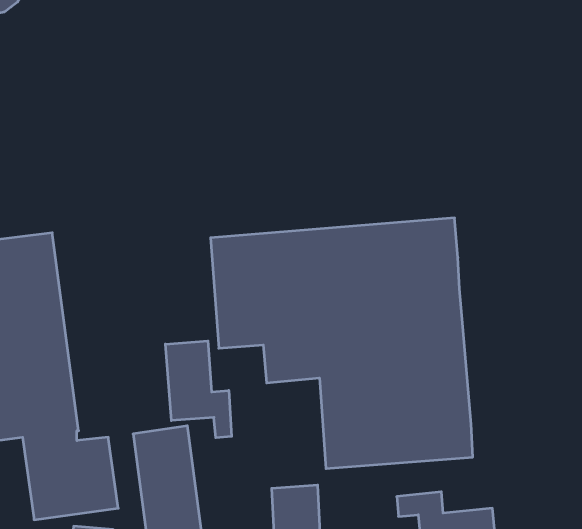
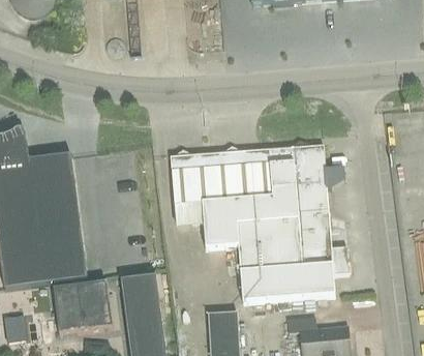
building: [165,341,232,438] -> none

